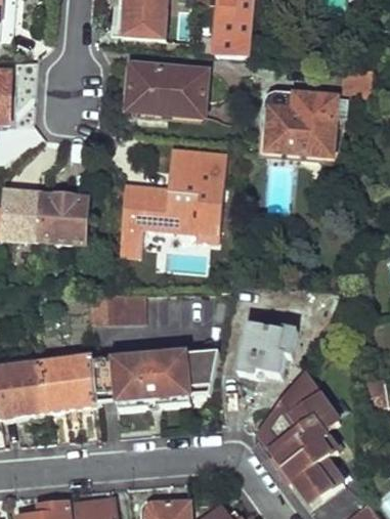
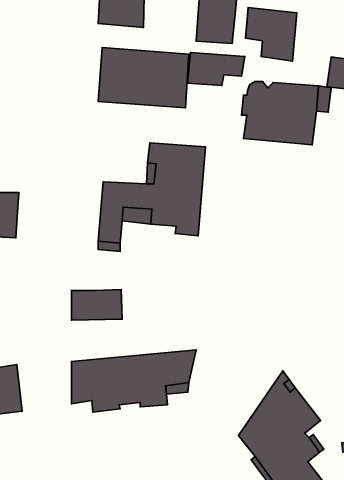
building: none -> [245,8,297,61]
building: none -> [188,53,245,86]
building: [41,198,86,243] -> none
building: [235,321,298,378] -> none
building: [42,359,95,409] -> none

